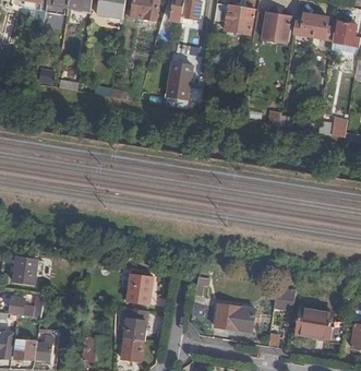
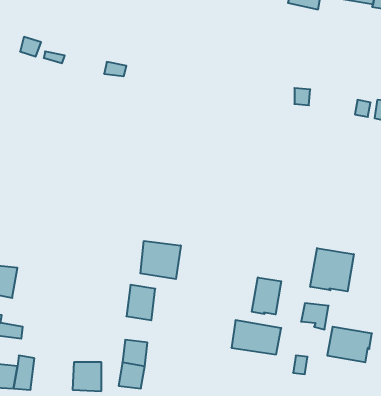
building: [166,62,192,98] -> none
building: none -> [140,241,181,279]
building: none -> [310,248,354,291]
building: none -> [252,277,281,314]

